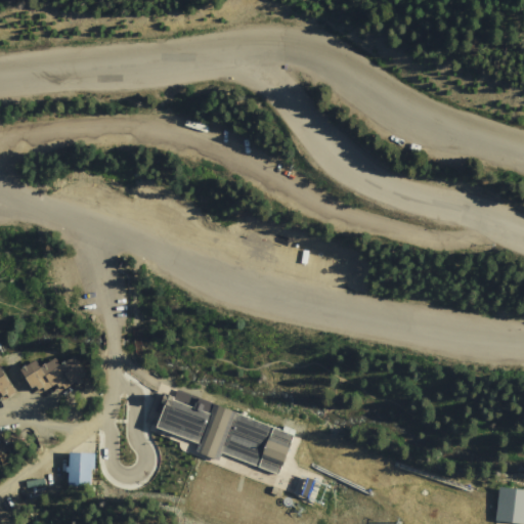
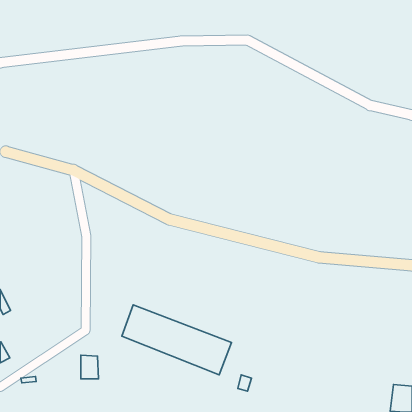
building: [18,358,82,398] -> none
building: [70,451,92,481] -> [81,355,98,379]

